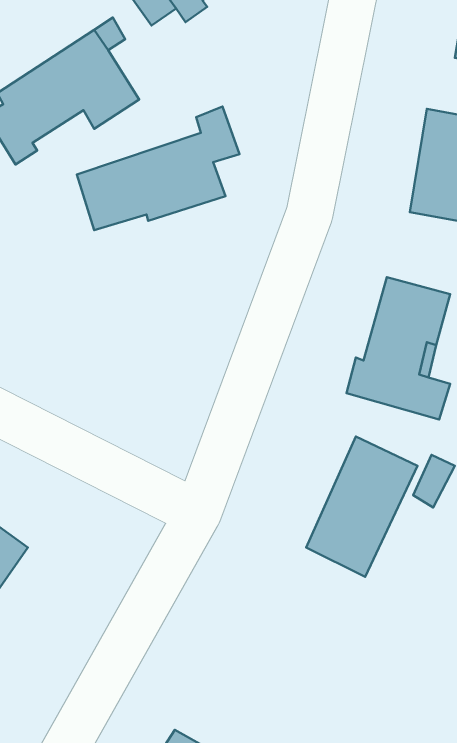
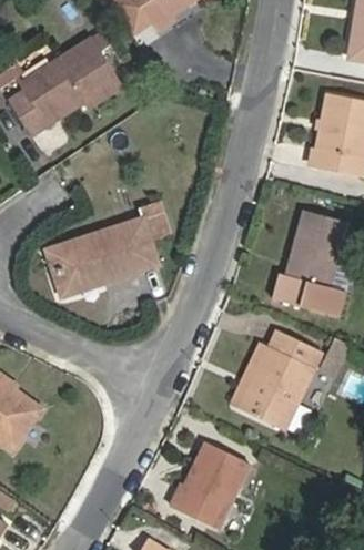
building: [77,106,239,230] -> [52,200,169,288]
building: none -> [170,441,249,530]

